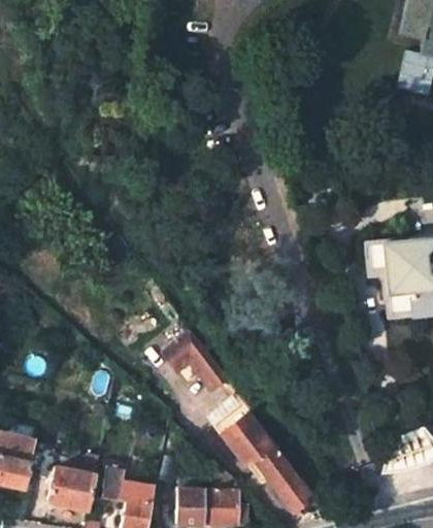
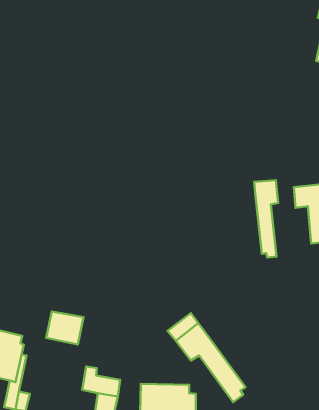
building: none -> [254,180,278,258]
building: [164,332,228,388] -> none
building: [48,468,95,509] -> [46,311,84,345]

